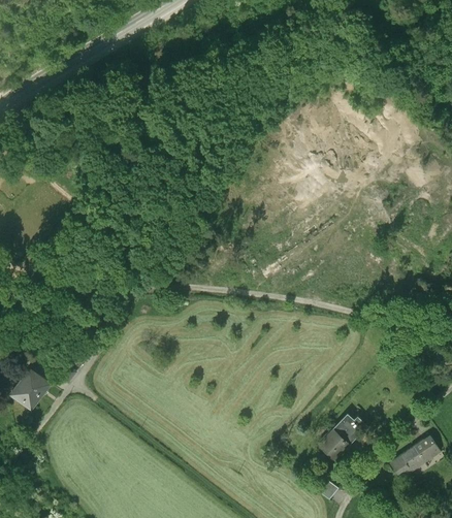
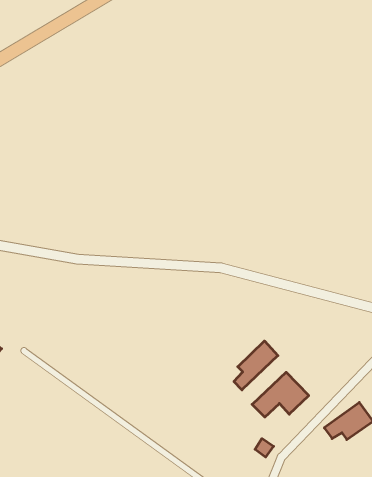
building: none -> [234,341,278,390]

